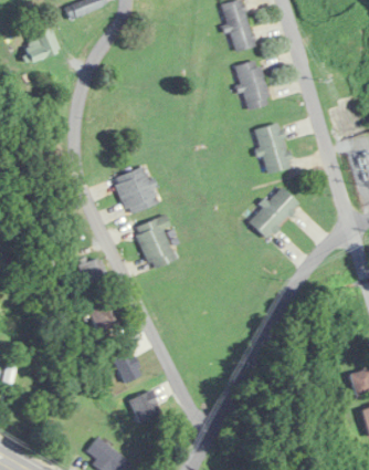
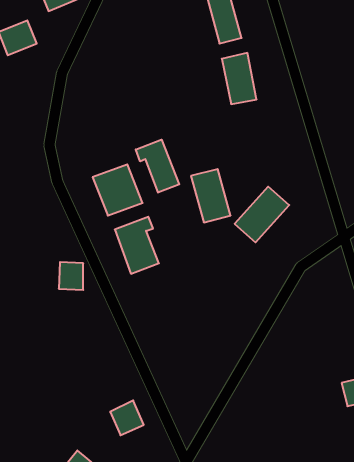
building: [254,122,292,173] -> [191,169,231,222]
building: none -> [136,140,179,193]
building: [89,303,116,332] -> none
building: [110,348,143,383] -> none

